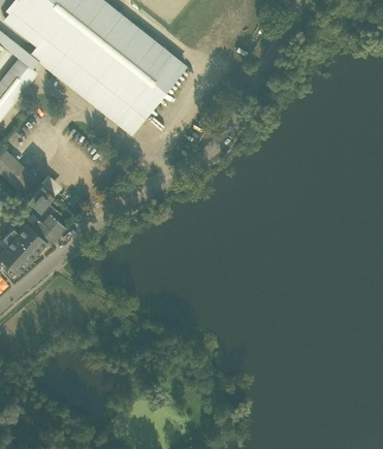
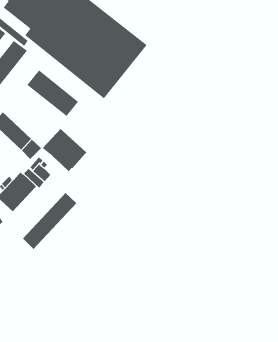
building: none -> [26,70,79,117]
building: none -> [42,128,90,172]
building: none -> [22,192,77,250]

